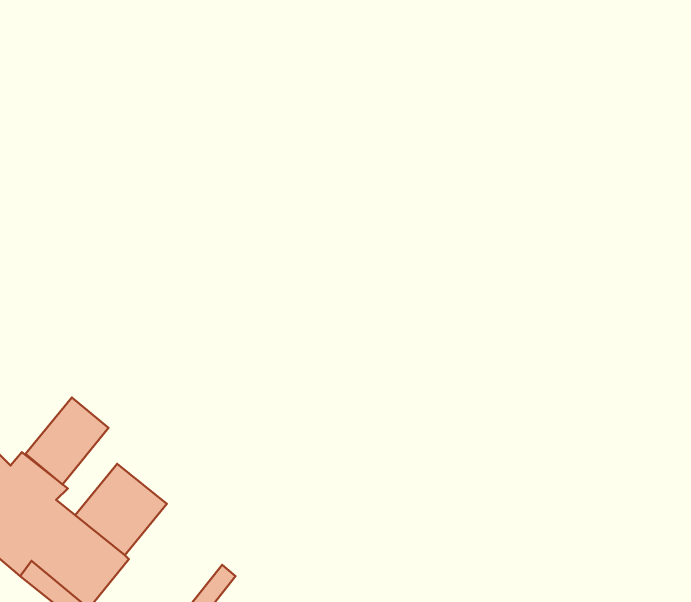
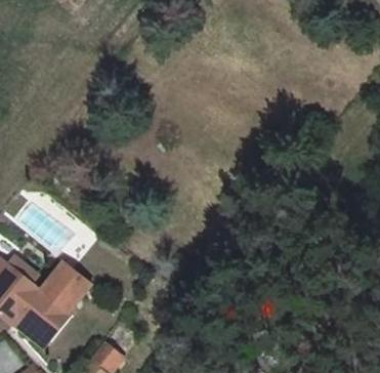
building: [26,397,109,484] -> none

